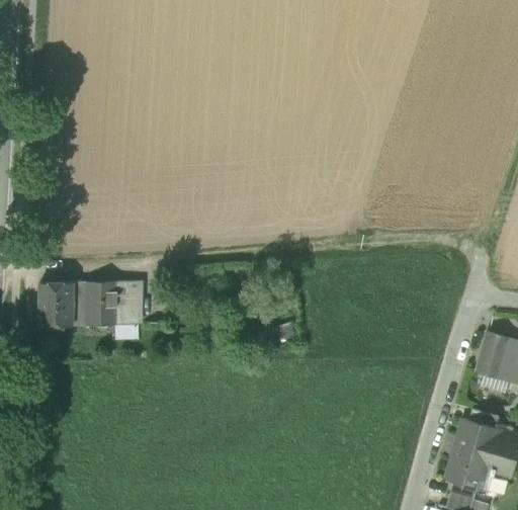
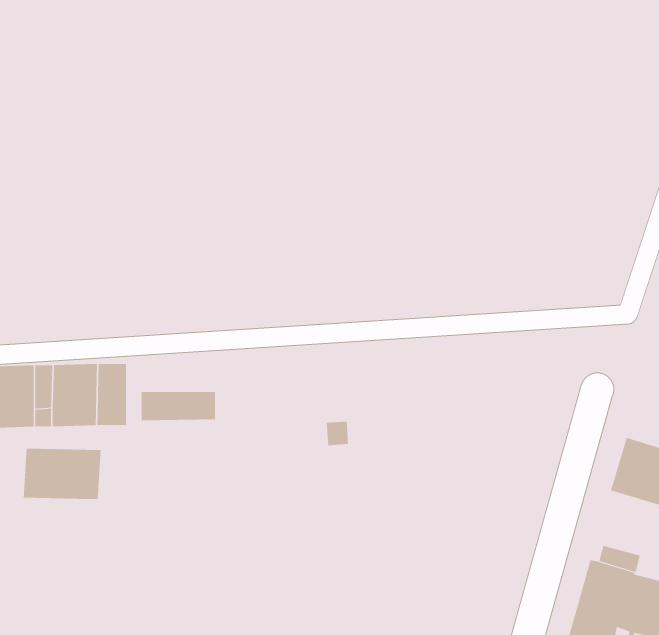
building: none -> [141,391,216,421]
building: none -> [23,448,101,500]

